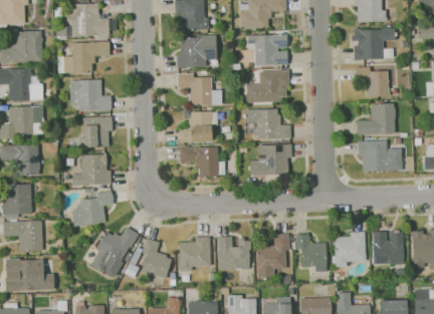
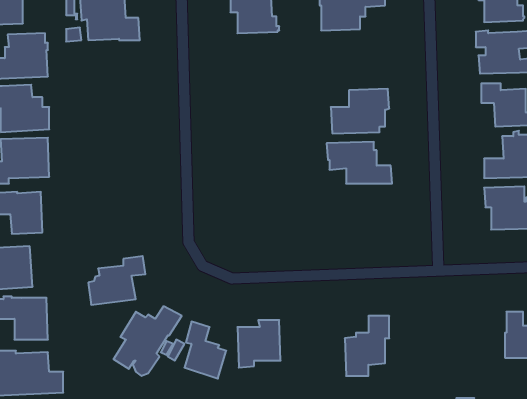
building: [248,34,288,65] -> none
building: [177,35,217,67] -> none
building: [58,41,110,73] -> none
building: [177,73,221,105] -> none
building: [70,79,112,109] -> none
building: [179,111,218,142] -> none
building: [80,116,113,147] -> none
building: [250,144,292,177] -> none
building: [180,146,225,178] -> none
building: [72,152,112,186] -> none
building: [332,232,366,267] -> none
building: [295,234,327,272] -> none
building: [218,237,251,269] -> none

